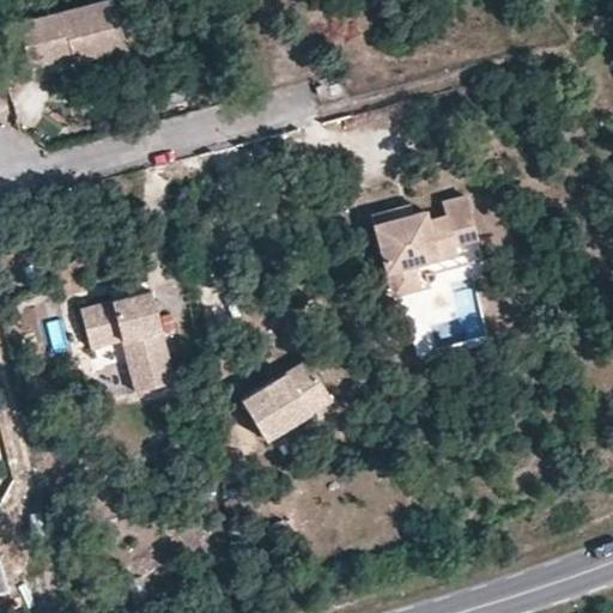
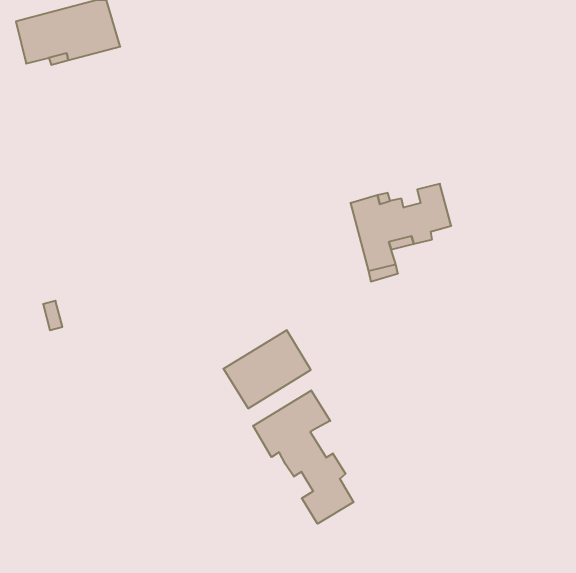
building: [80,291,176,393] -> none
building: none -> [253,390,354,524]

